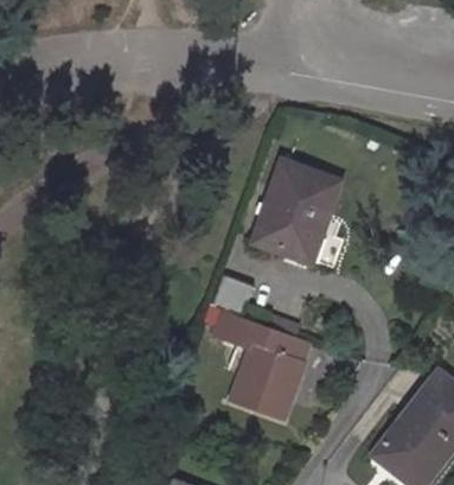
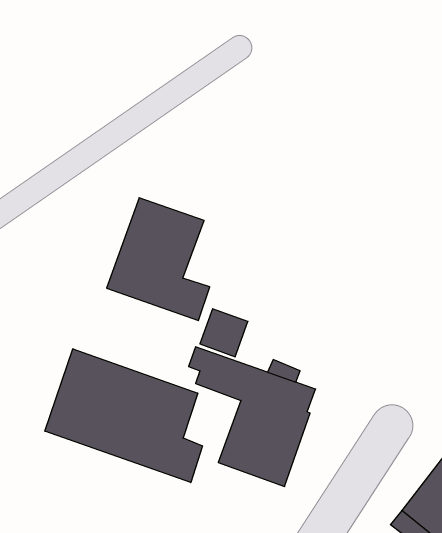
building: [255,164,341,267] -> [107,198,210,321]
building: none -> [45,349,202,483]

